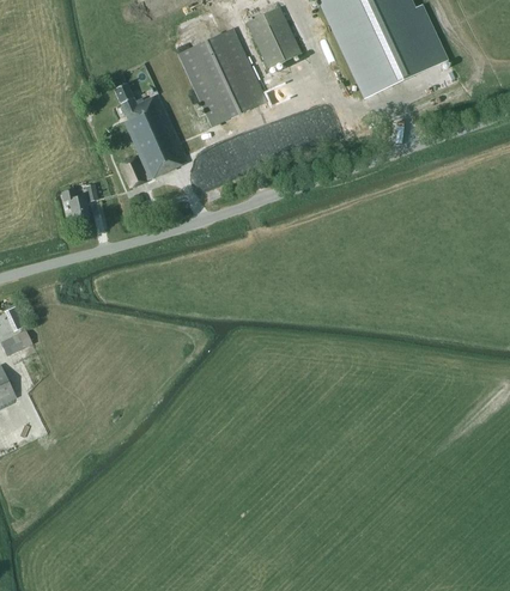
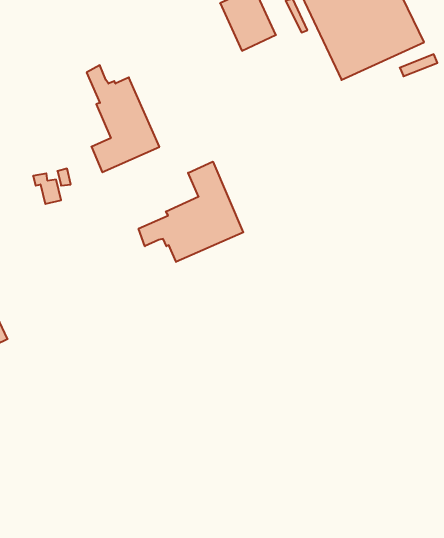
building: [177,28,266,127] -> none
building: none -> [139,162,243,262]

